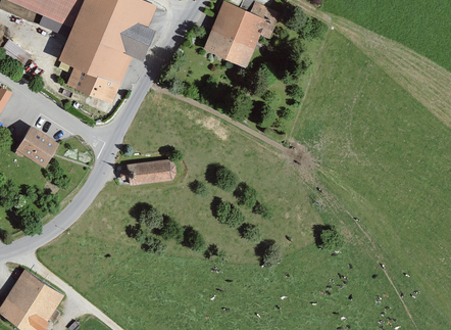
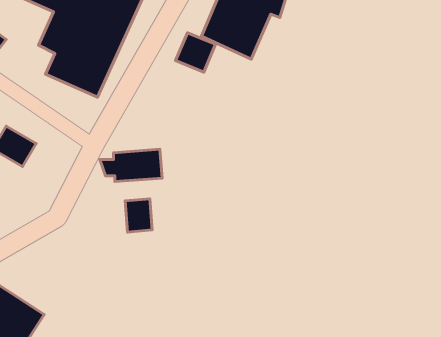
building: none -> [176,33,216,72]
building: none -> [125,199,152,232]

